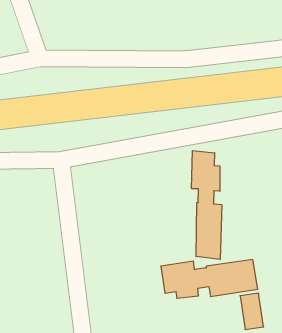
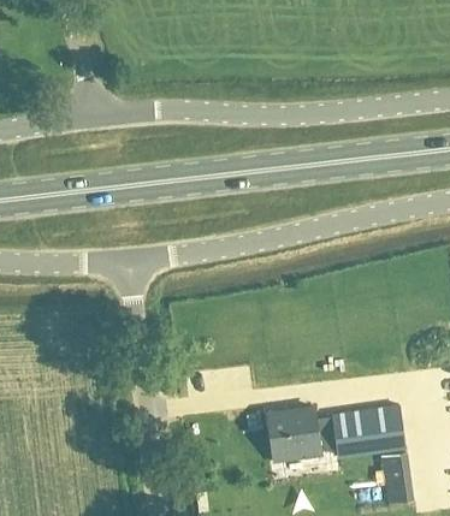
building: [192,151,222,259] -> none

